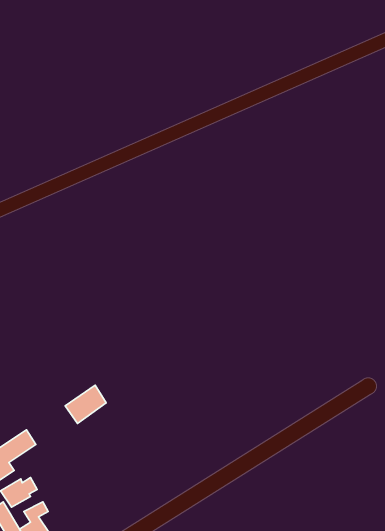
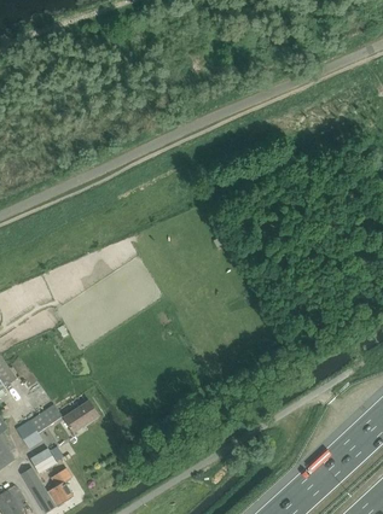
building: [65,385,106,423] -> [62,399,98,433]

